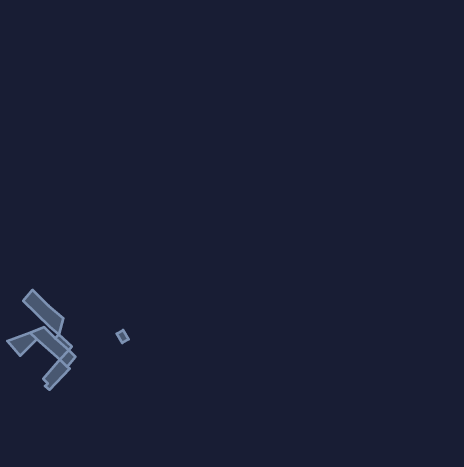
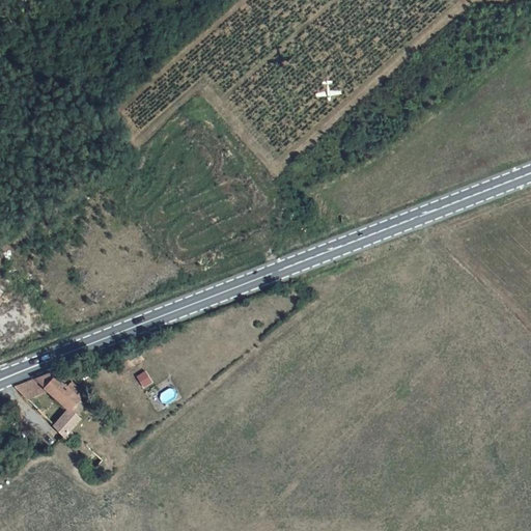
building: [23,290,63,335] -> none

